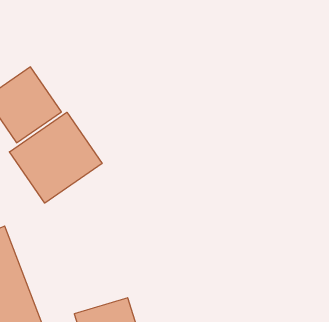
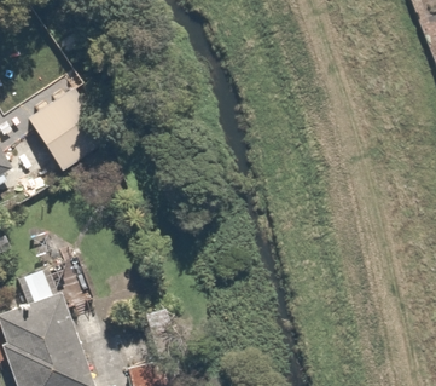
building: [9,112,102,203] -> none

